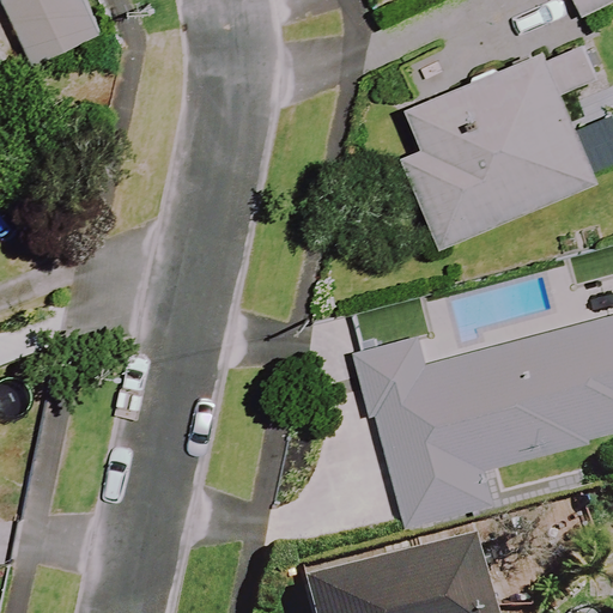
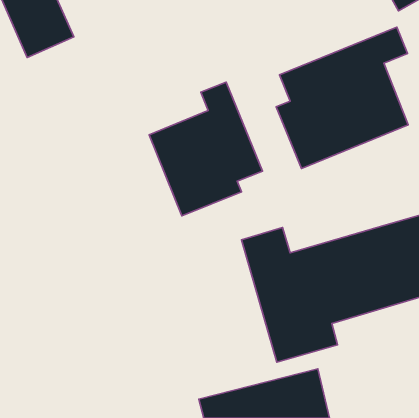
building: none -> [149,82,262,216]

